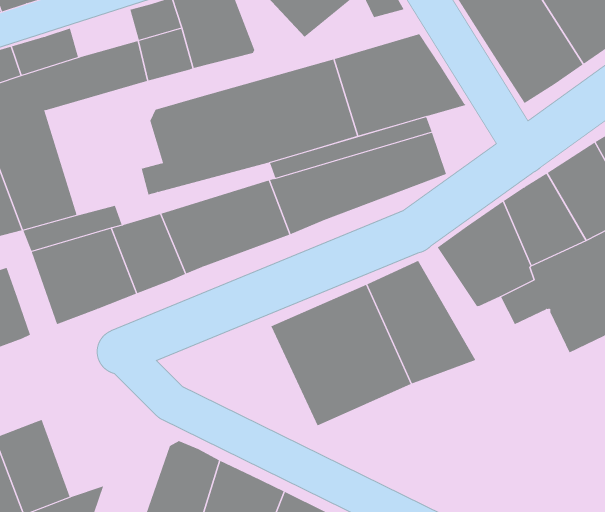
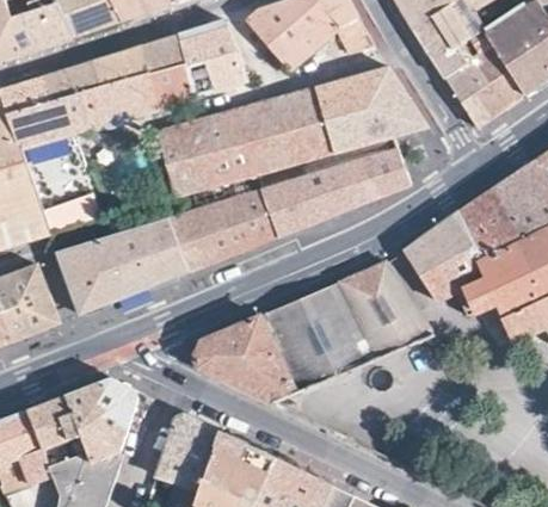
building: none -> [92,45,149,86]
building: none -> [196,314,301,406]
building: none -> [68,377,137,458]

